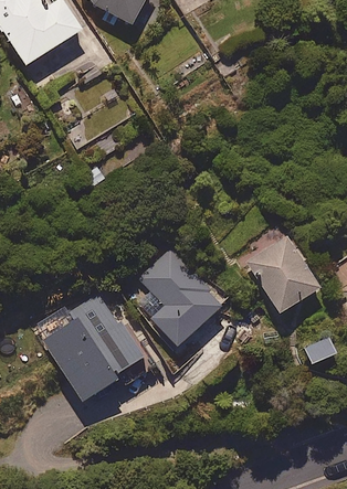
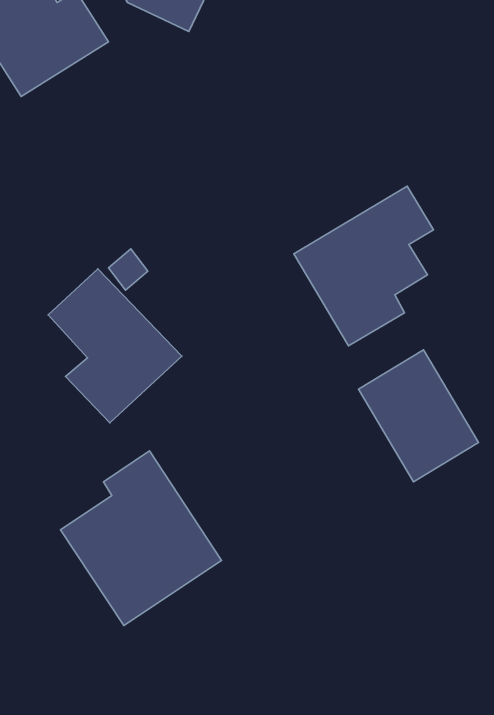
building: none -> [294,186,433,346]
building: [137,246,223,346] -> [48,269,182,423]

